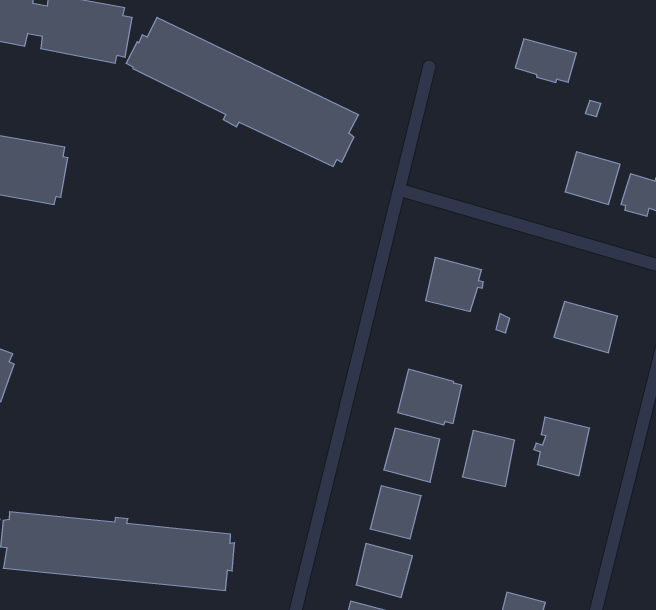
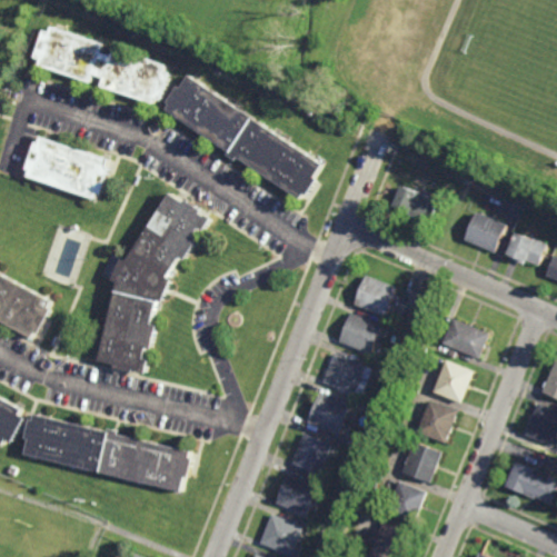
building: [515,39,577,82] -> [390,185,436,220]
building: none -> [97,192,209,375]
building: none -> [337,311,390,354]
building: none -> [432,360,474,404]
building: [462,431,515,486] -> [399,441,440,485]
building: none -> [385,480,426,525]

